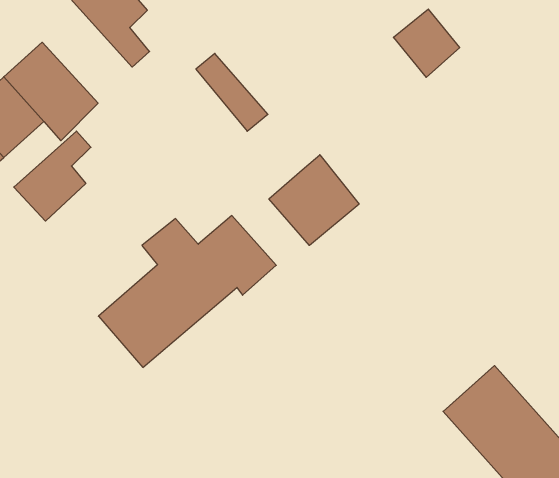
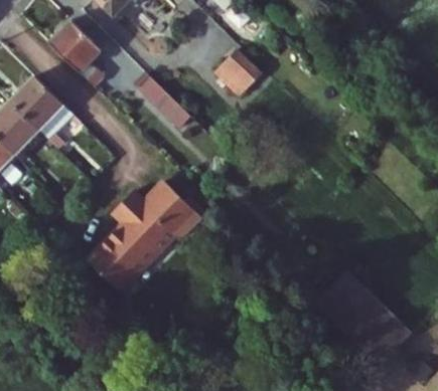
building: [393,9,460,77] -> [218,54,263,100]
building: [14,131,91,221] -> none
building: [269,155,359,245] -> none

